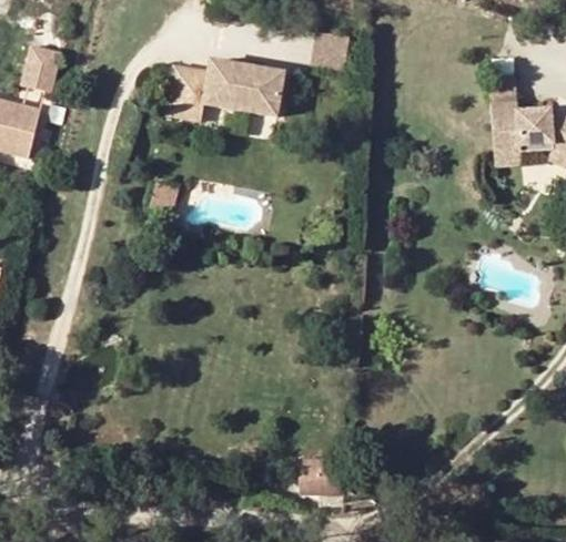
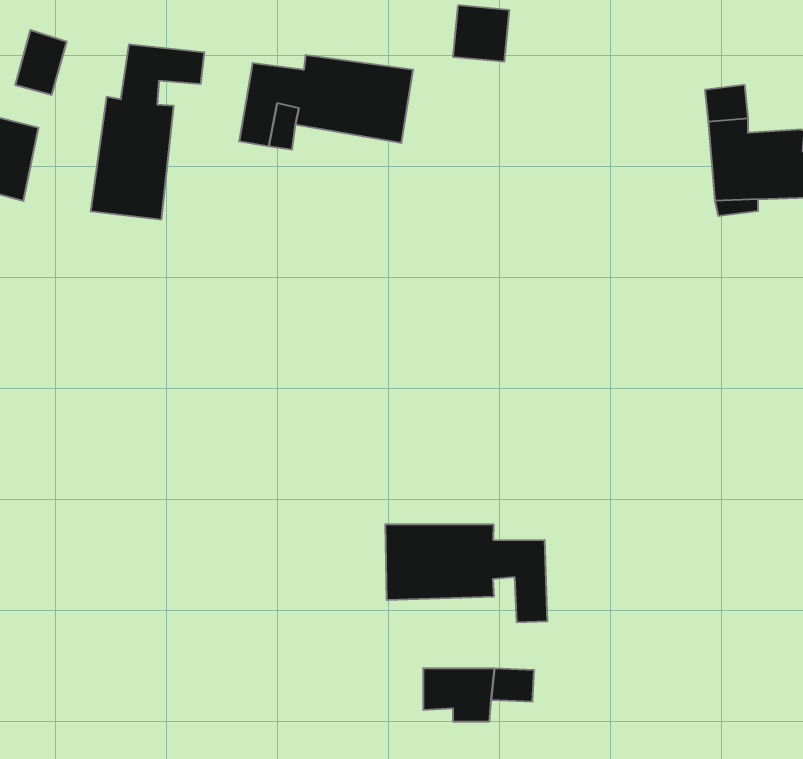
building: none -> [91,44,204,220]
building: none -> [385,524,547,622]

